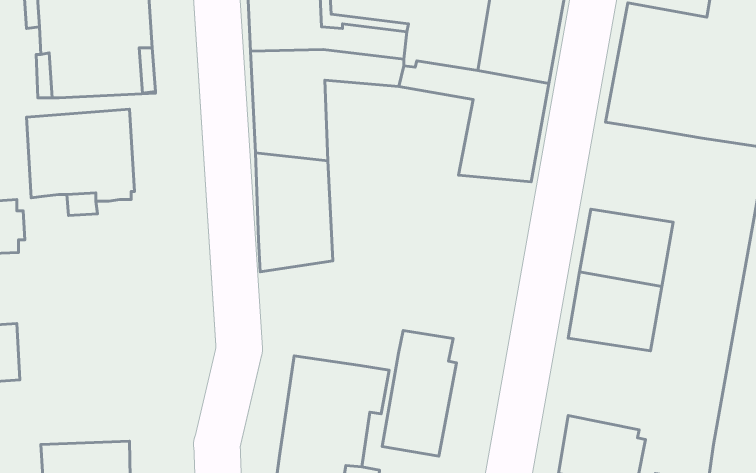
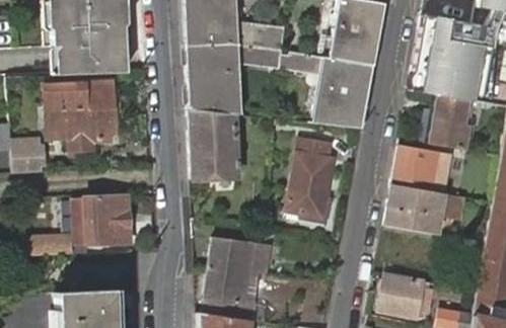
building: none -> [422,94,485,152]
building: none -> [75,195,131,245]
building: [382,331,456,456] -> [289,139,336,218]

